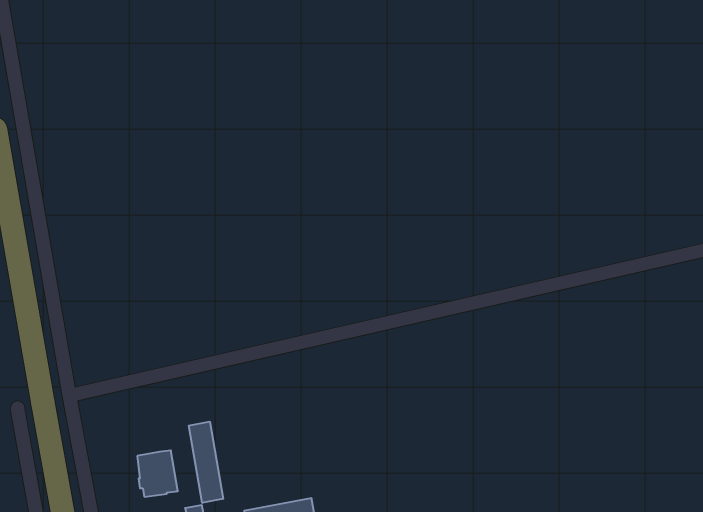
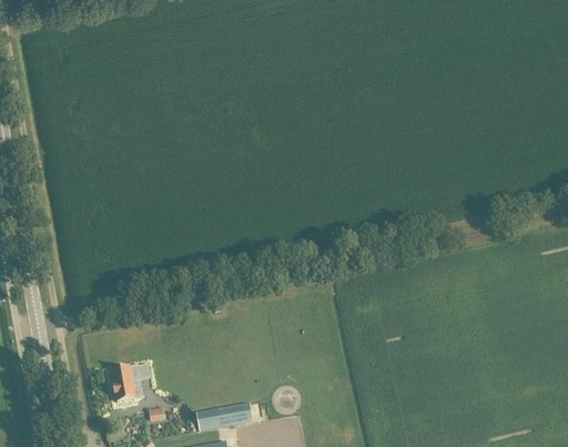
building: [189,422,223,503] -> none

